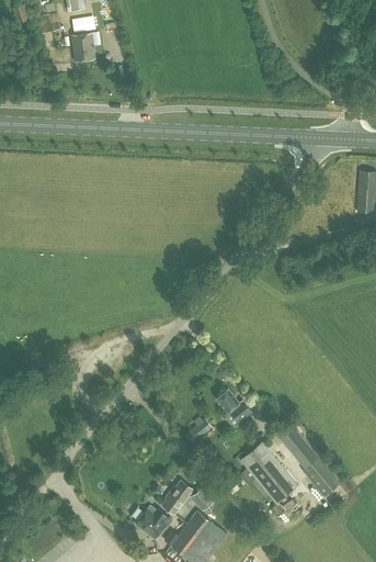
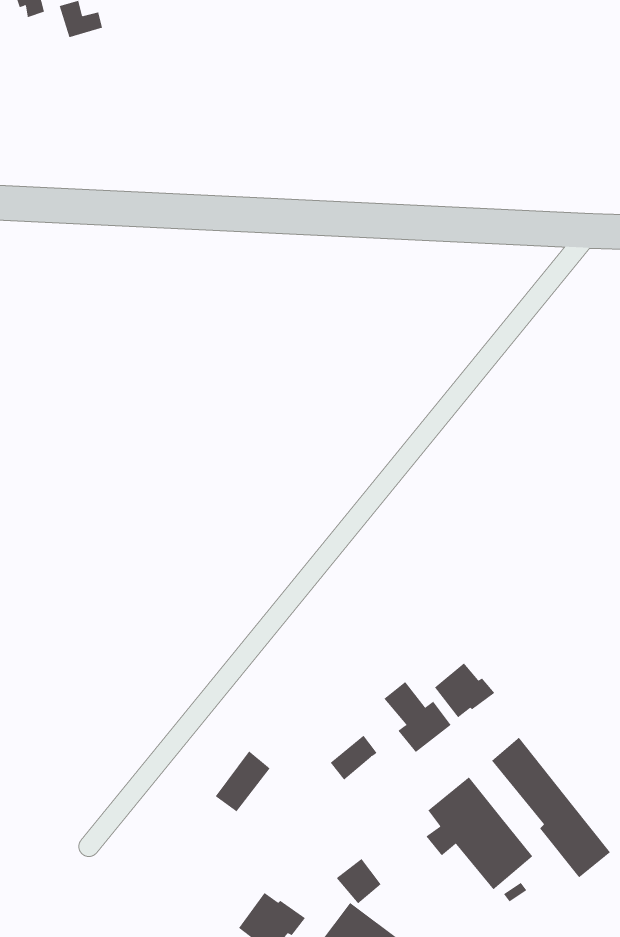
building: [70,32,94,60] -> none
building: none -> [434,663,495,718]
building: [161,479,192,513] -> [215,750,271,812]

